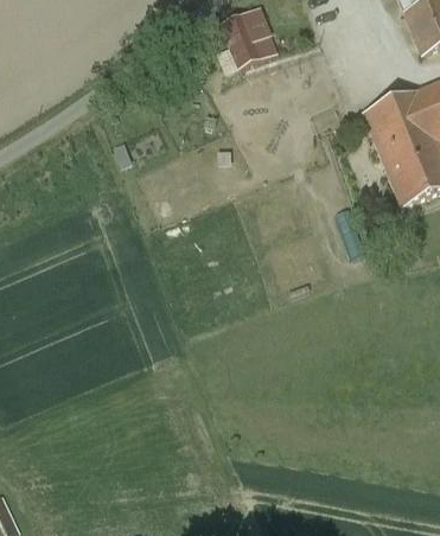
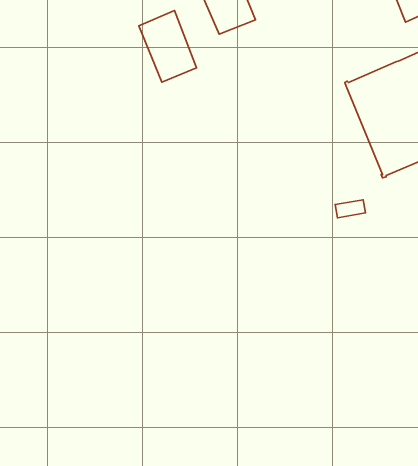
building: none -> [139,10,196,82]

